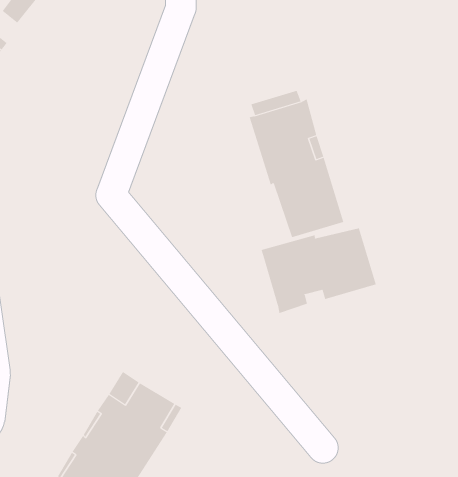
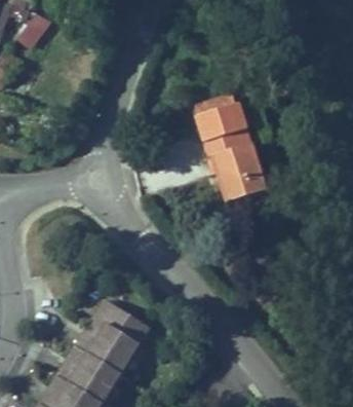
building: [261,227,376,314] -> none

